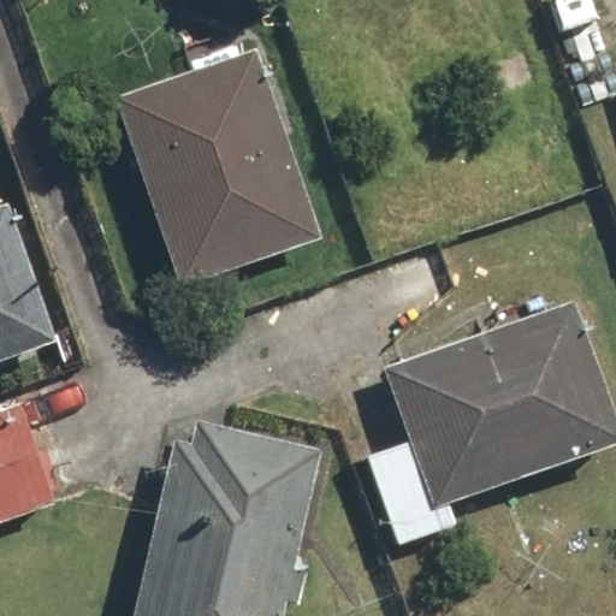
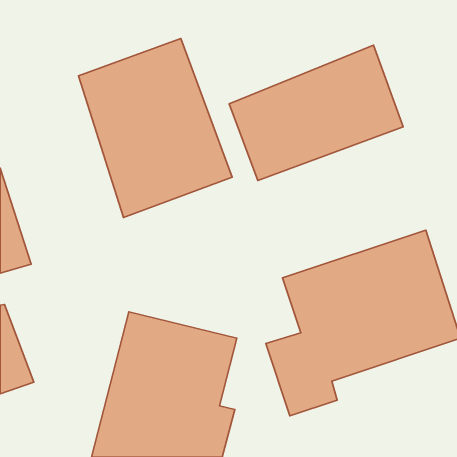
building: none -> [229,45,403,180]

